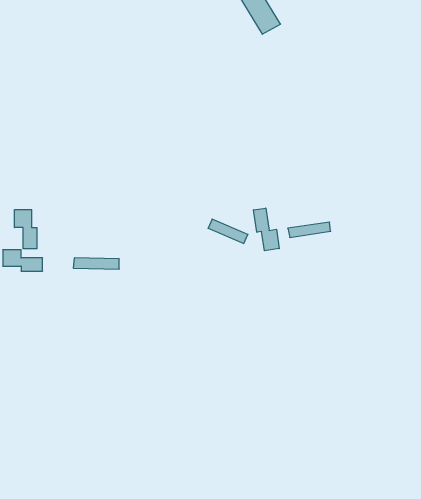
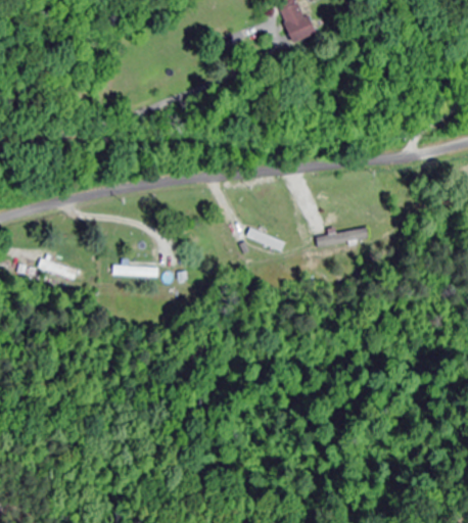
building: [254,208,279,251] -> none
building: [15,210,37,249] -> none

